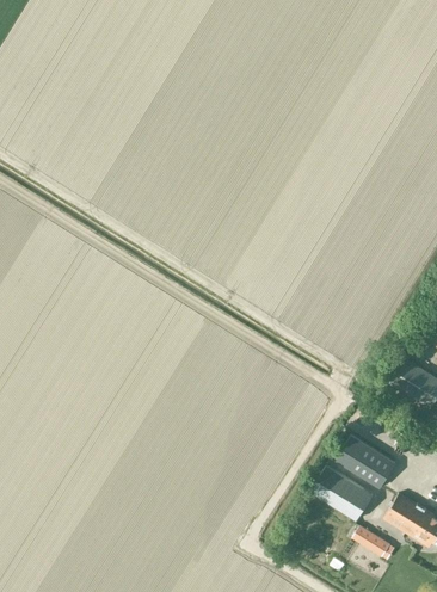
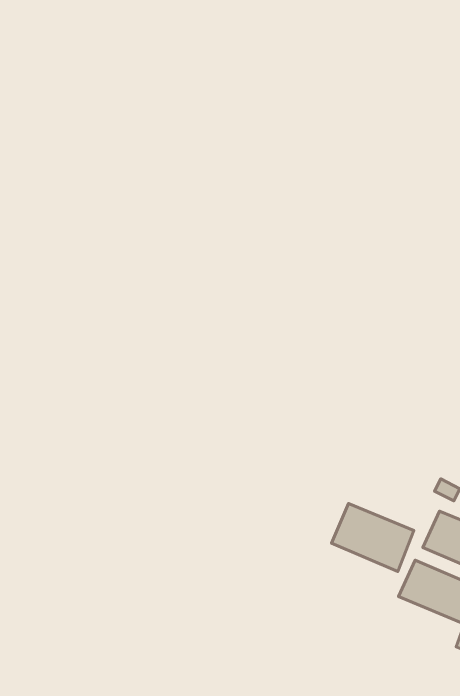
building: none -> [332,504,414,572]

